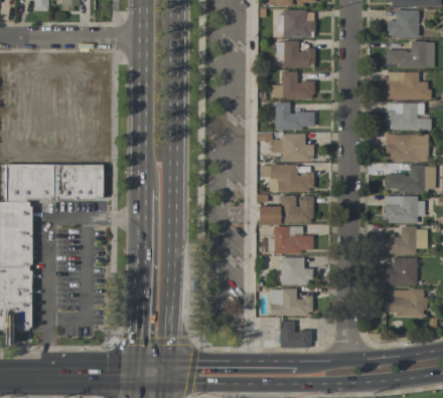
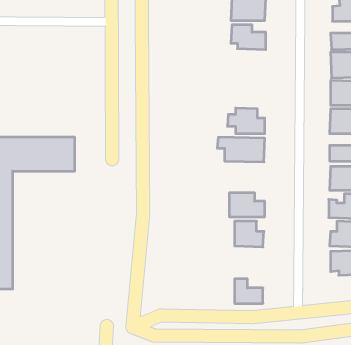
building: [273,71,314,98] -> none
building: [276,103,315,129] -> none
building: [259,195,314,224] -> none
building: [271,288,313,315] -> none

